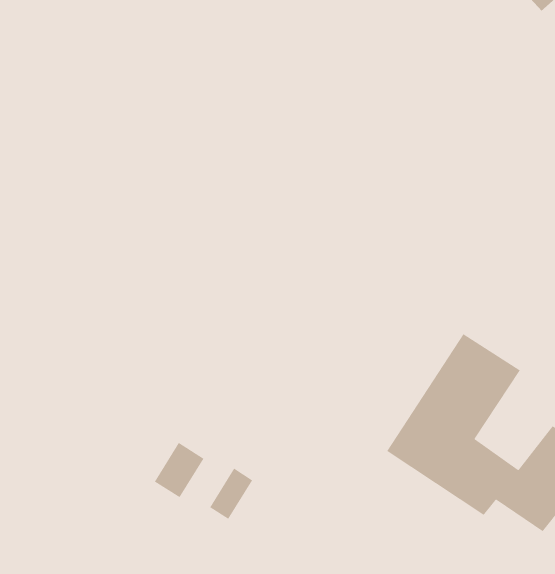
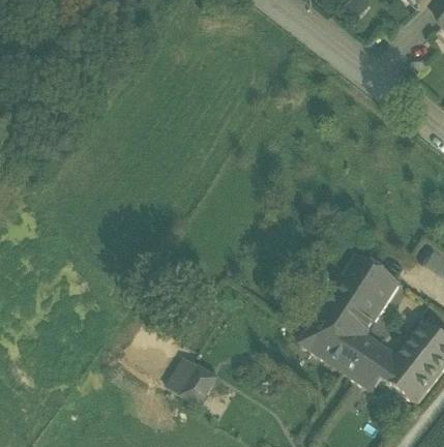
building: [154,442,205,498] -> [179,362,217,405]

